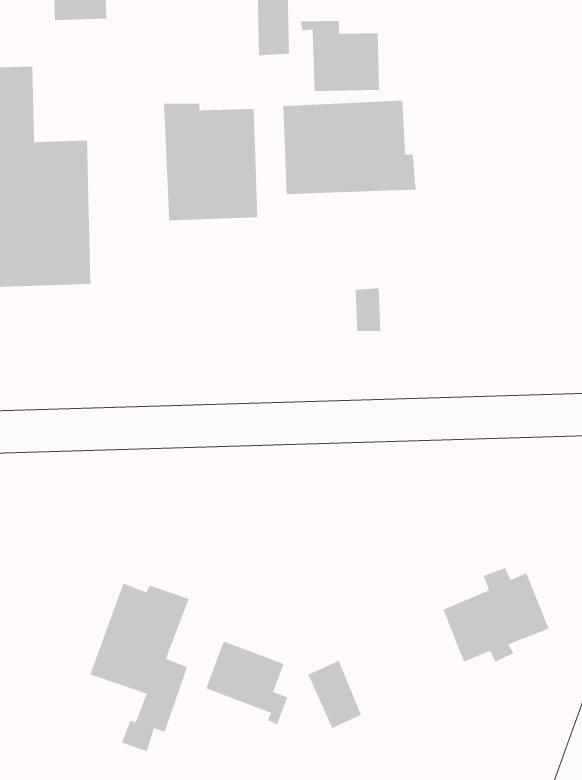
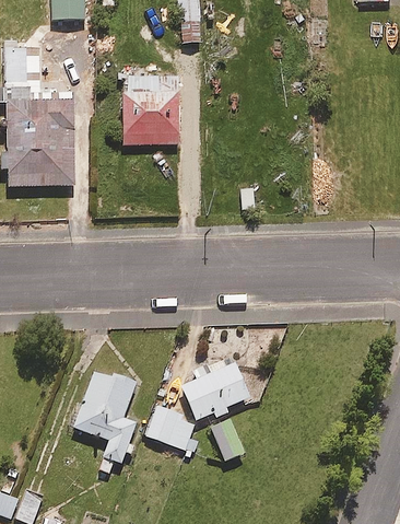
building: [300,20,379,92] -> none
building: [283,100,416,195] -> none
building: [442,567,550,662] -> [183,359,249,418]

